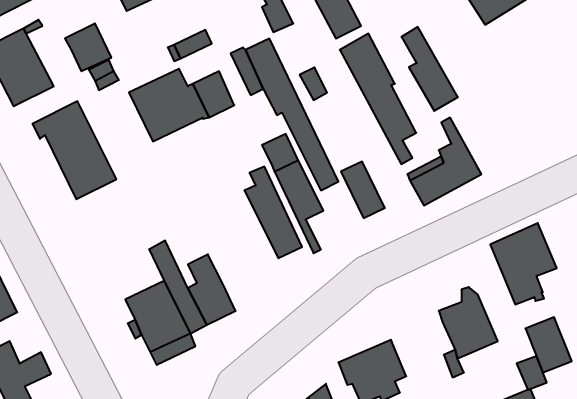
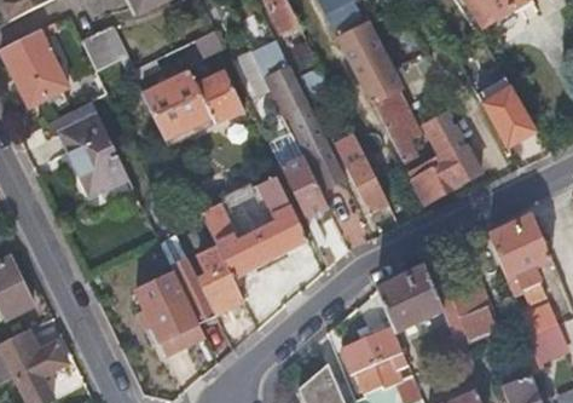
building: [401,27,458,111] -> [476,67,531,148]
building: none -> [199,185,284,276]
building: none -> [377,267,442,334]

